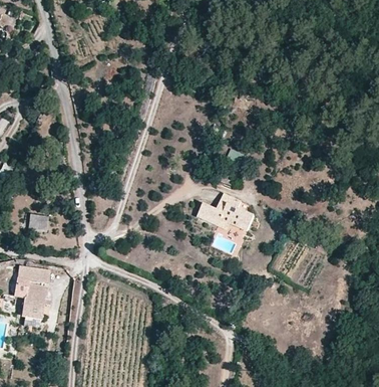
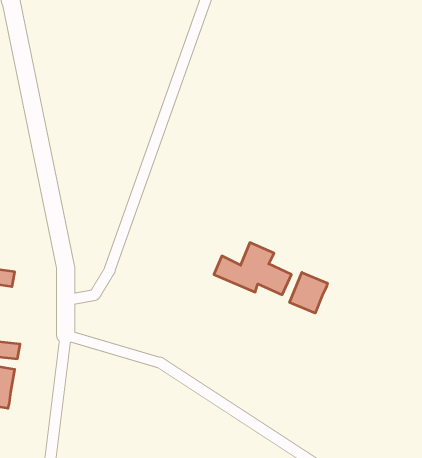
building: none -> [290,272,327,313]

